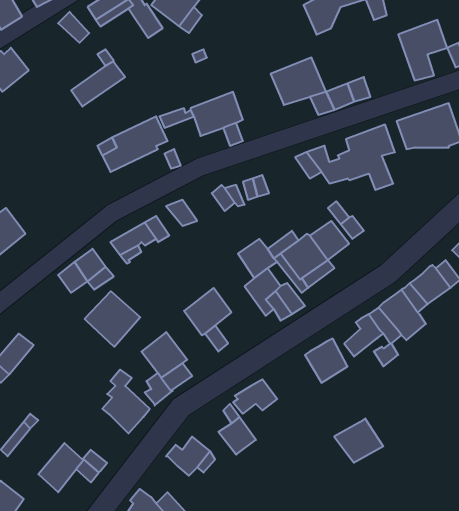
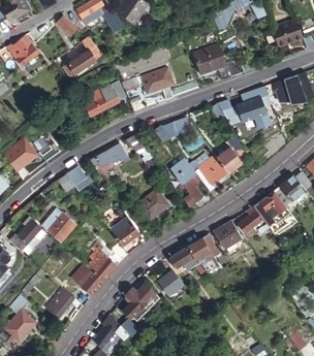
building: [85,291,140,347] -> [41,206,76,241]
building: none -> [71,263,102,294]
building: [334,418,383,463] -> [187,235,218,263]

